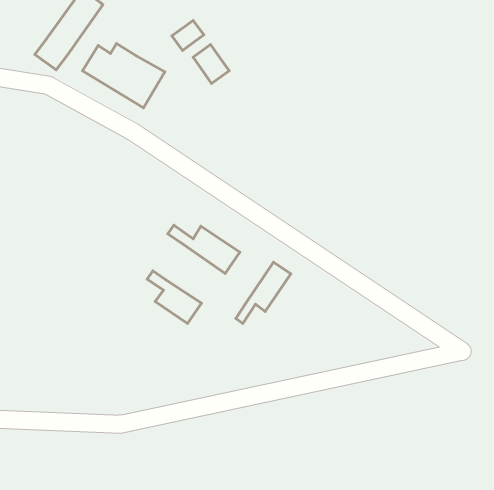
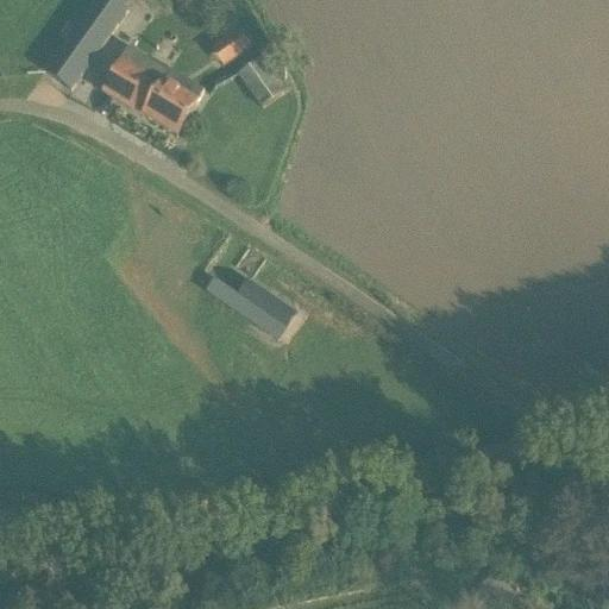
building: [236,262,291,323] -> none
building: [147,271,201,324] -> none

